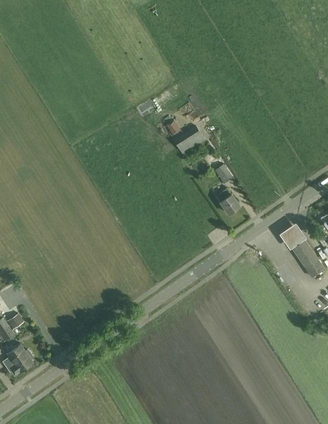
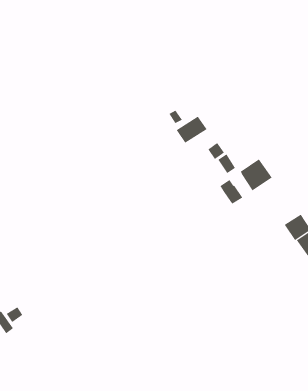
building: none -> [240,158,273,191]
building: [5,344,32,376] -> none

